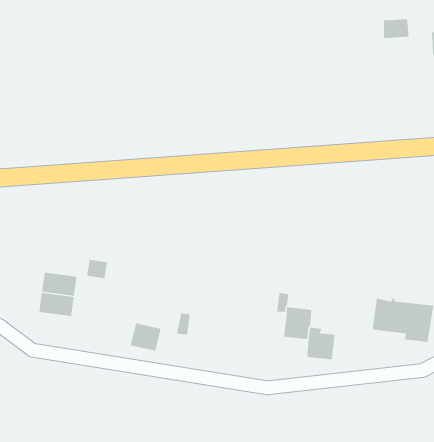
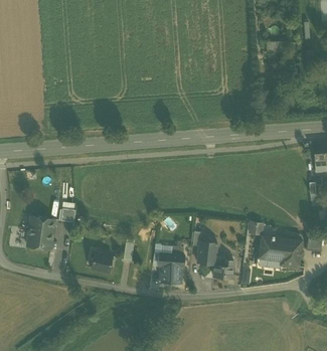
building: none -> [159,253,184,284]

